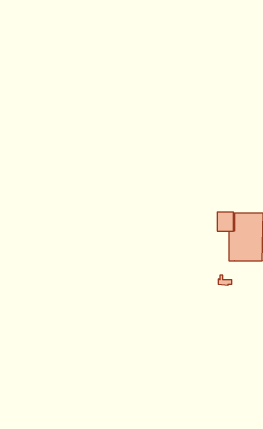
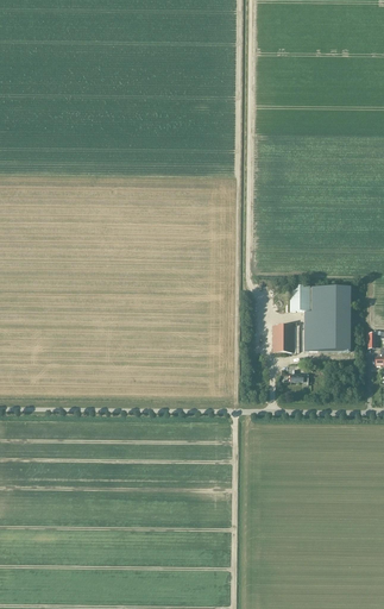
building: none -> [273,325,295,352]

